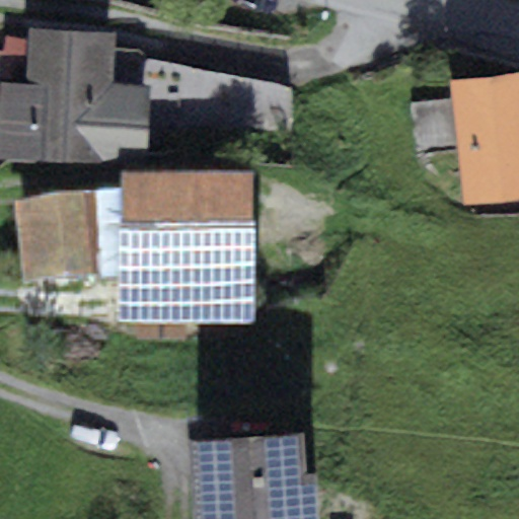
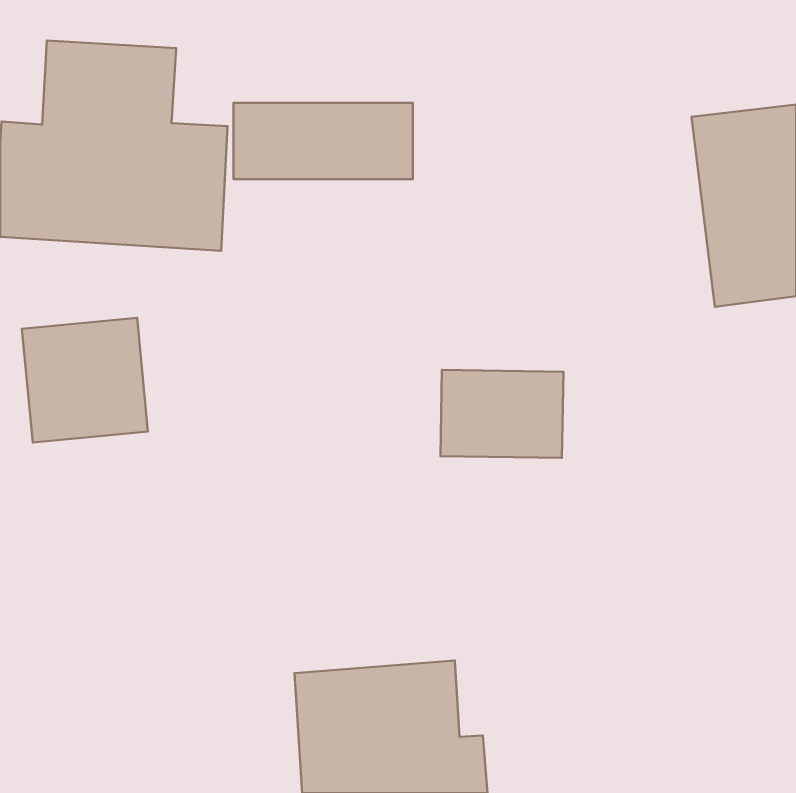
building: [119,190,255,327] -> none
building: none -> [440,370,563,458]

